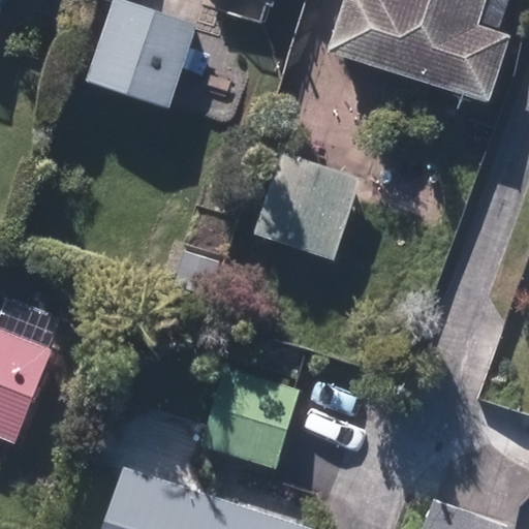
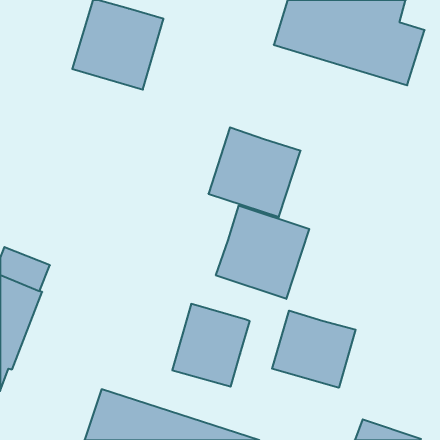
building: none -> [216,205,309,299]
building: none -> [272,311,356,388]

